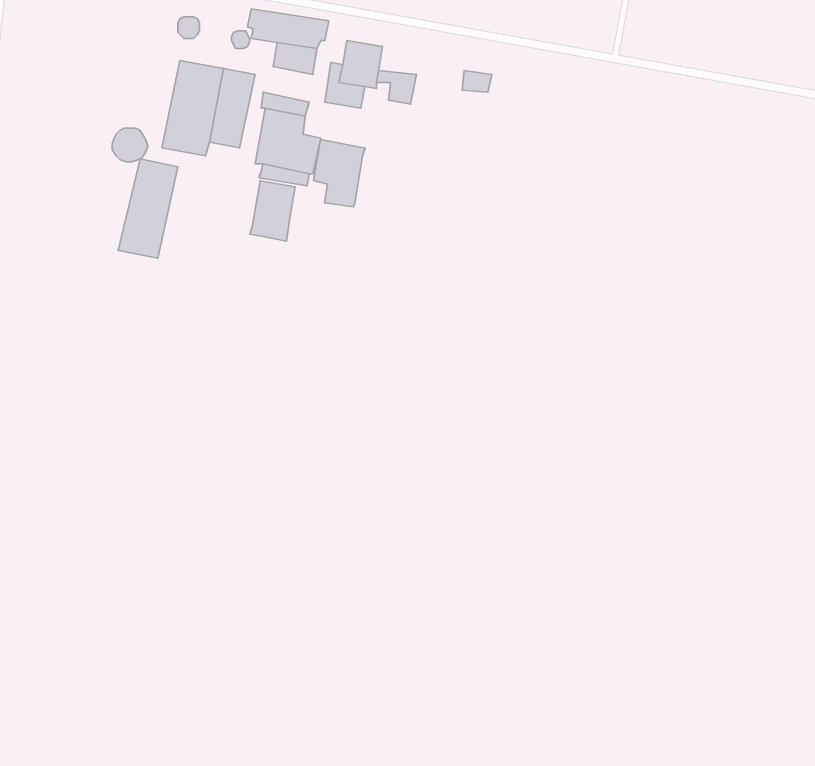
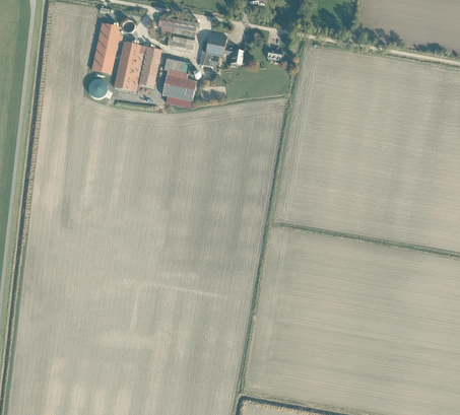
building: [314,139,365,207] -> none
building: [118,159,178,258] -> [89,22,120,73]
building: [250,181,295,241] -> none

